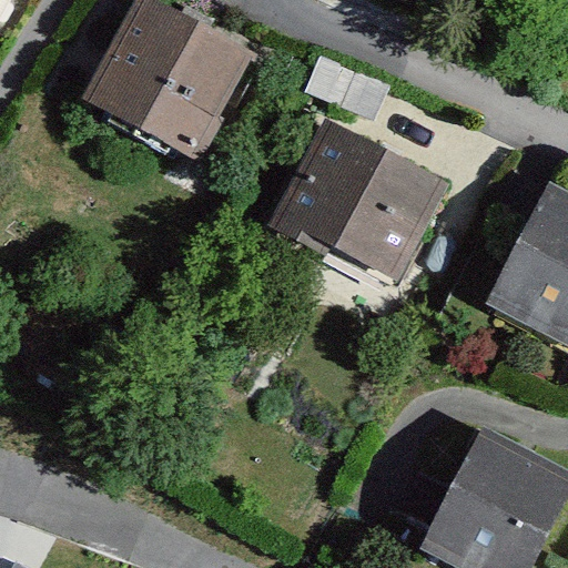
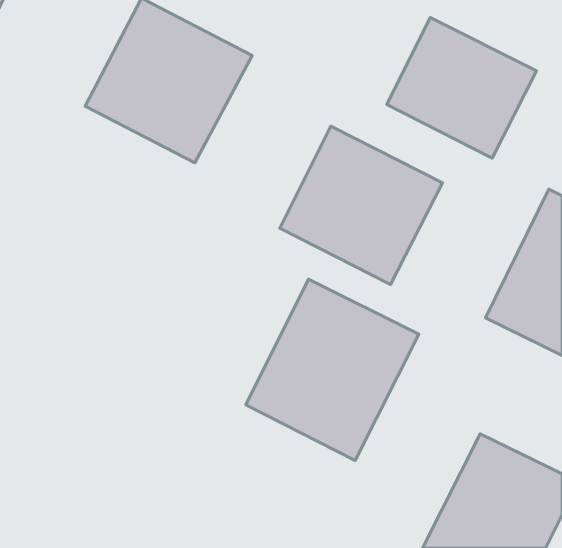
building: none -> [387,18,536,158]
building: none -> [246,279,419,461]

